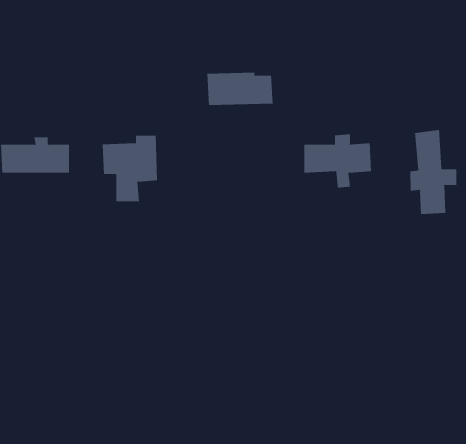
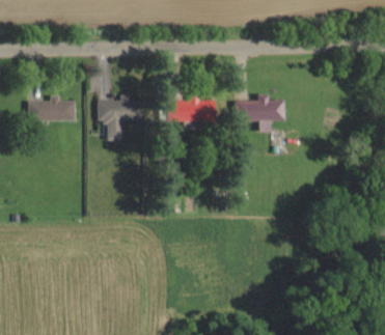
building: [207,72,273,105] -> [166,99,212,121]
building: [410,129,457,215] -> none

